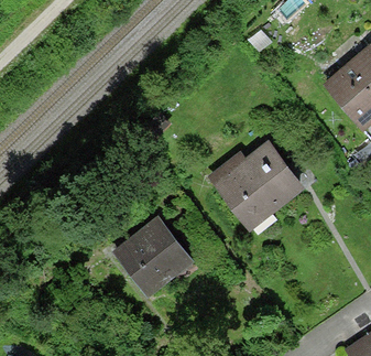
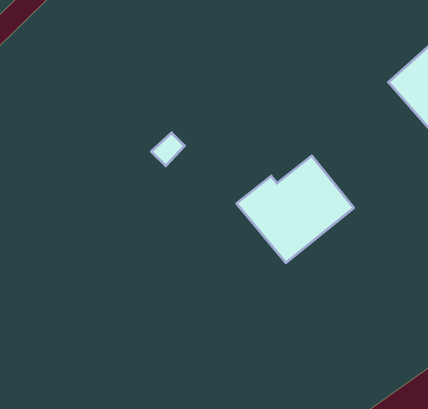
building: [113,218,189,293] -> none

